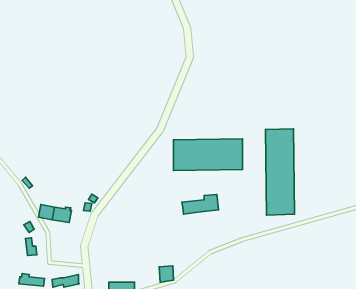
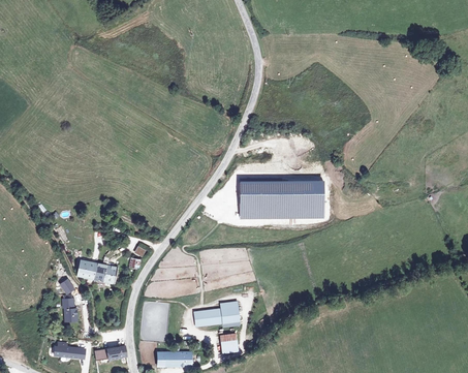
building: [265,129,295,215] -> none
building: [182,195,218,214] -> [195,303,240,327]

